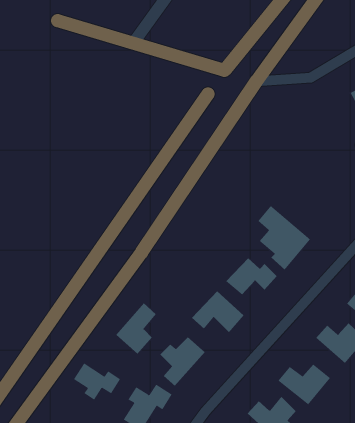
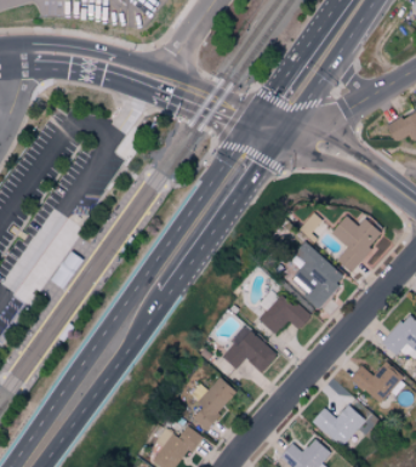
building: none -> [331,216,382,272]
building: [115,303,157,355] -> none
building: [73,362,121,401] -> none

